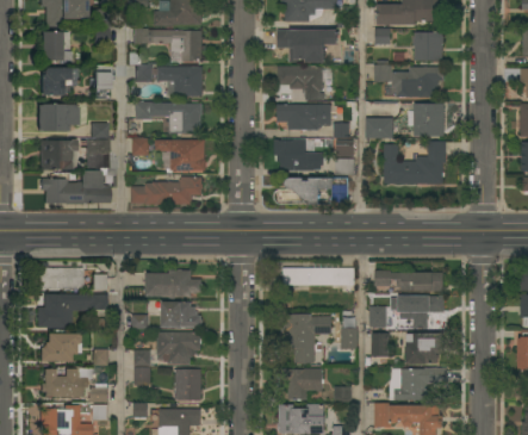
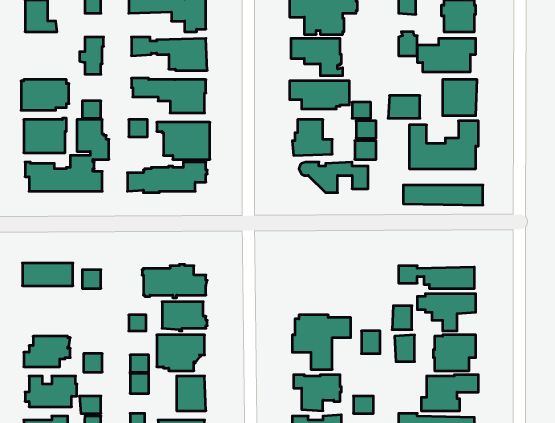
building: [39,68,68,95] -> none
building: [282,268,354,286] -> [403,185,483,205]
building: [35,294,107,328] -> none

